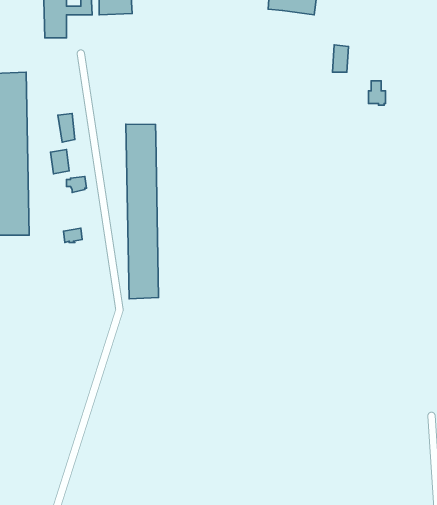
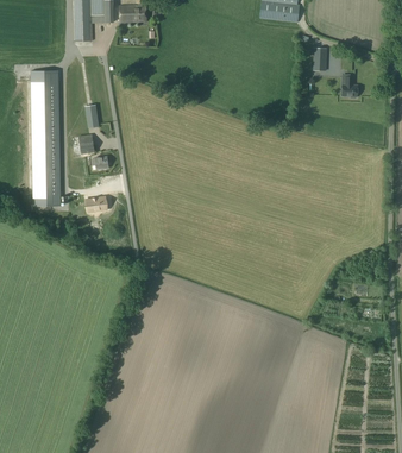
building: [126,124,159,299] -> none

